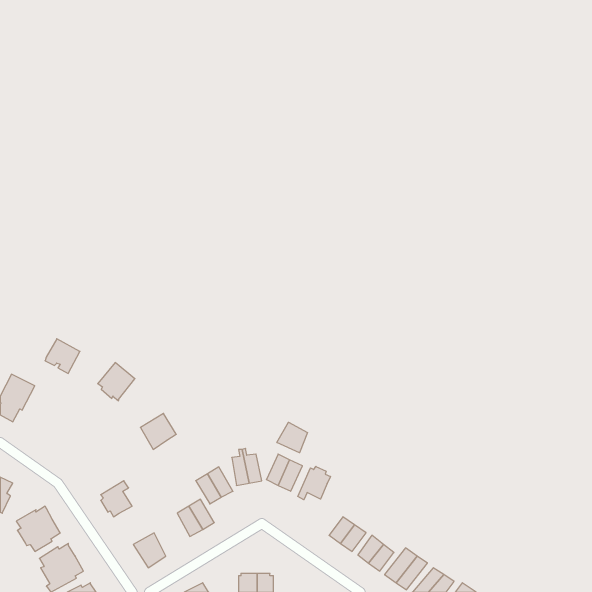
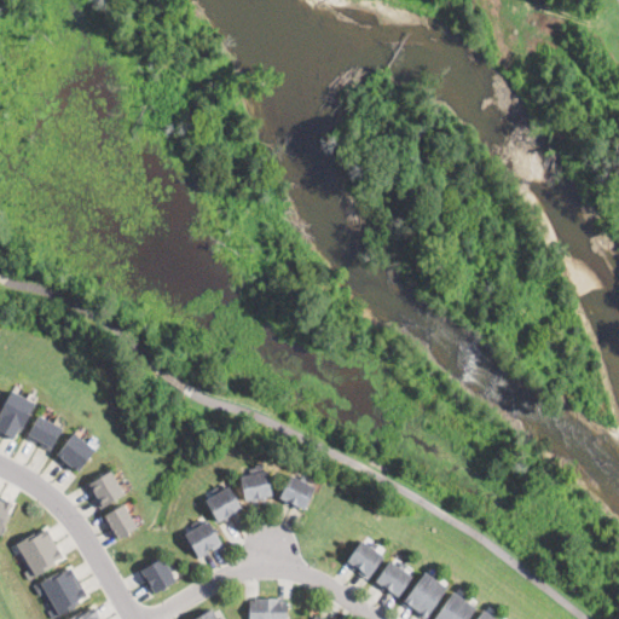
building: [45,339,80,373] -> [27,415,63,451]
building: [98,363,135,401] -> [57,433,96,473]
building: [140,413,176,449] -> [87,472,125,509]
building: [277,422,307,453] -> none
building: [298,466,330,500] -> none

